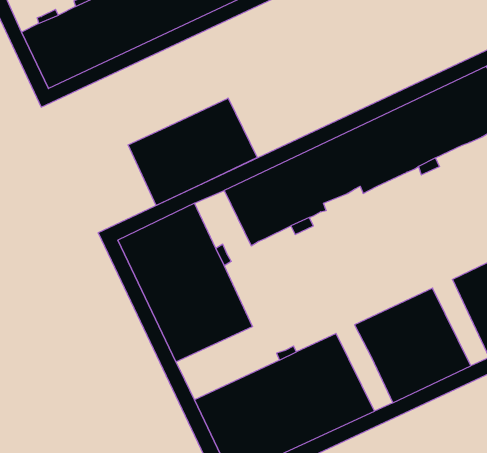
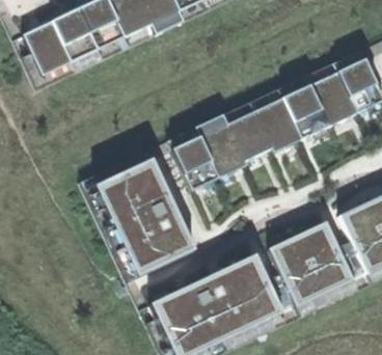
building: [128,98,257,205] -> none

